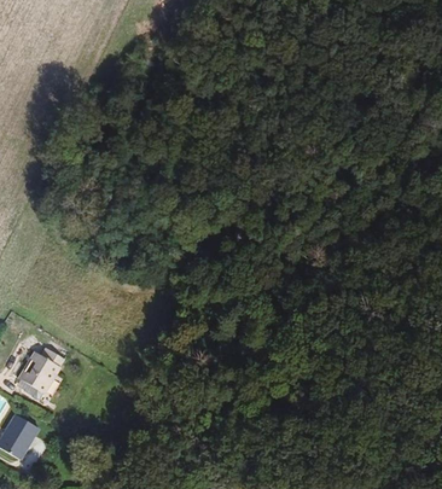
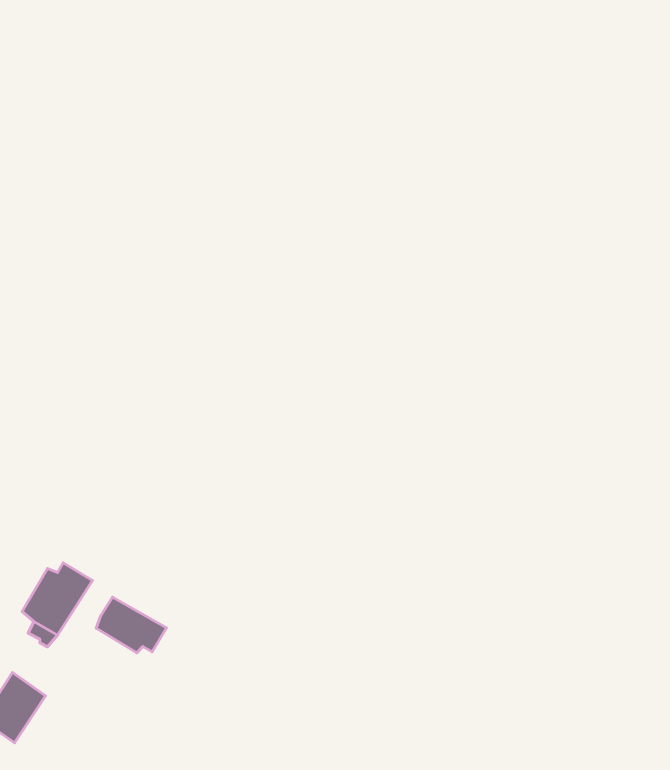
building: none -> [96,597,166,653]

